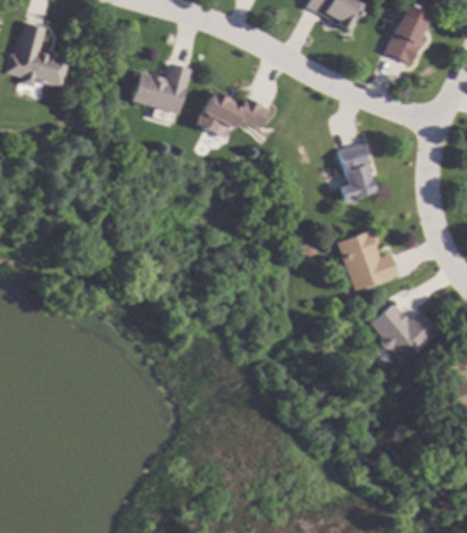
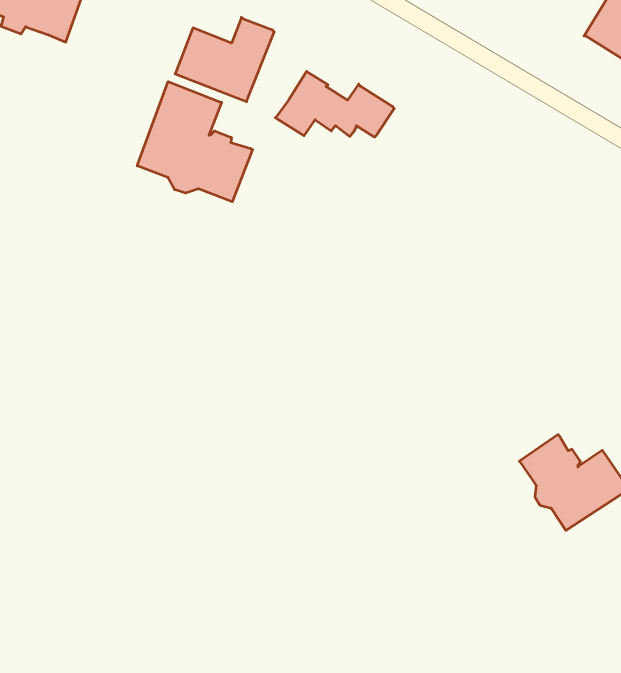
building: none -> [137,82,253,202]
building: [339,142,374,201] -> none
building: [337,229,398,290] -> none

